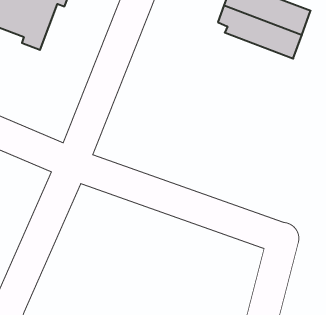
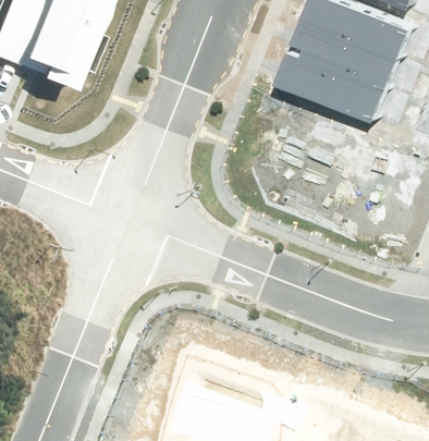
building: none -> [274,52,387,123]

